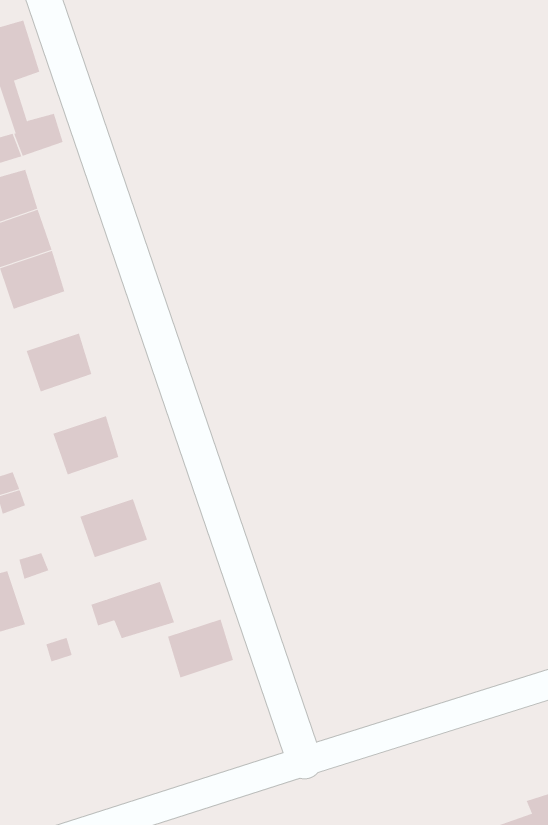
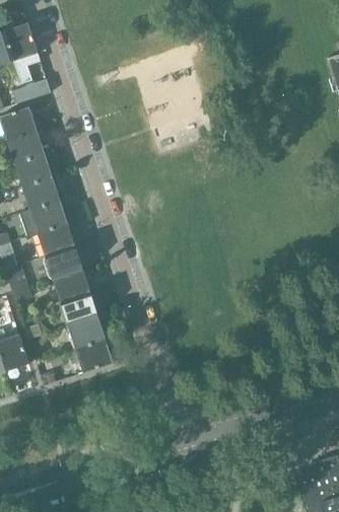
building: none -> [22,175,60,209]
building: none -> [38,222,75,255]
building: none -> [53,269,90,302]
building: [167,619,234,678] -> [68,315,106,349]

